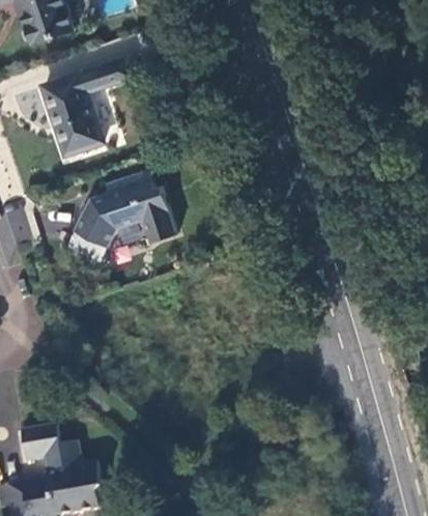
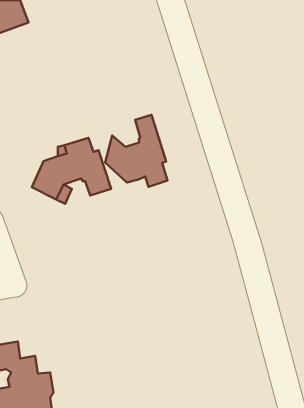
building: [42,58,132,155] -> none
building: none -> [105,115,167,187]

